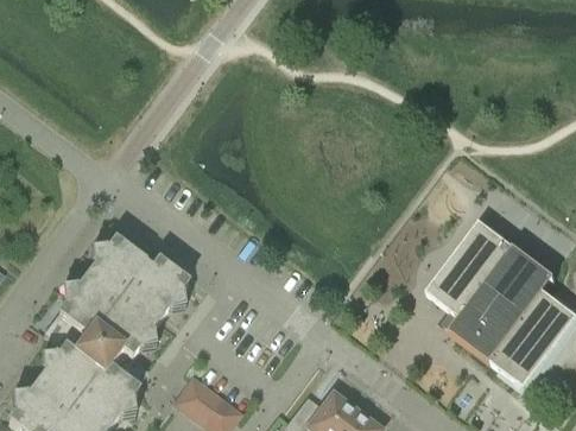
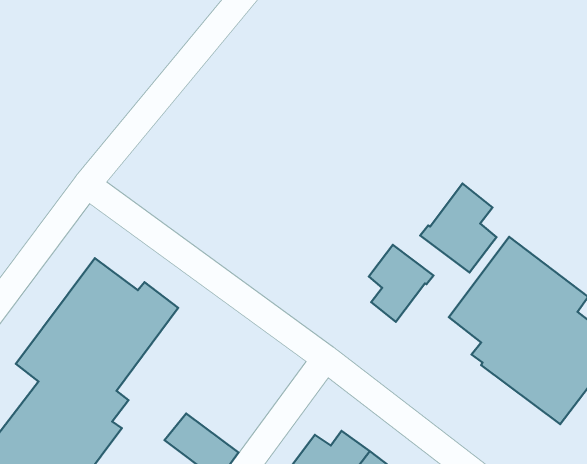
building: none -> [420,184,496,273]
building: none -> [369,245,433,322]

